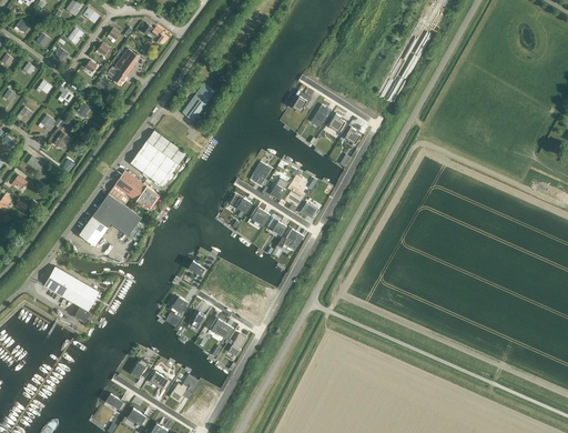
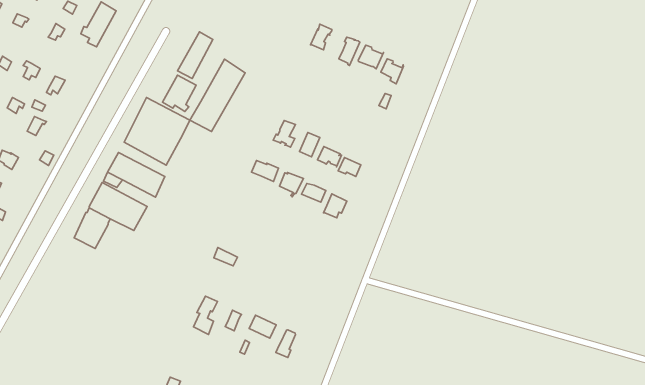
building: none -> [190,59,245,131]
building: none -> [162,75,196,111]
building: [43,266,99,321] -> none

